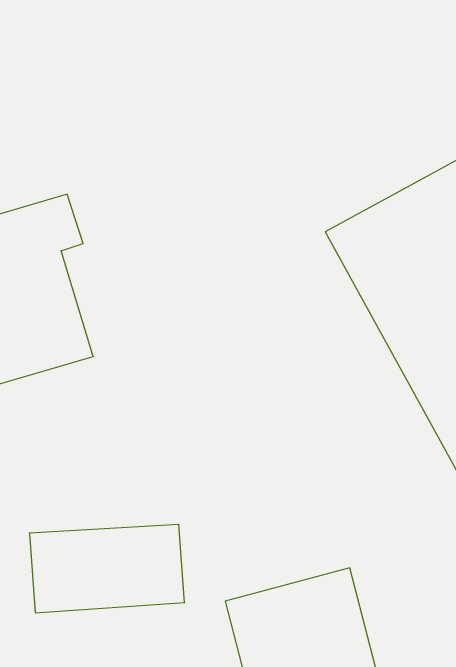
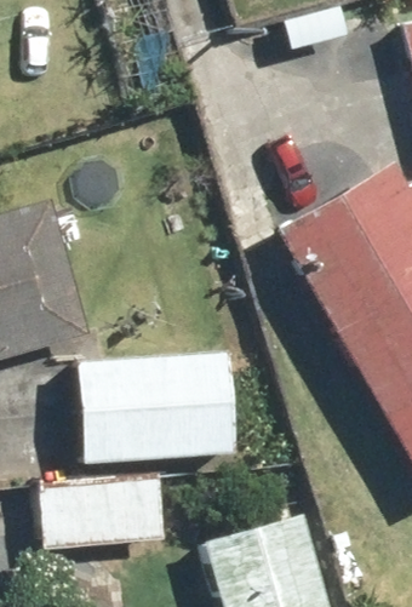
building: none -> [75,350,235,462]

